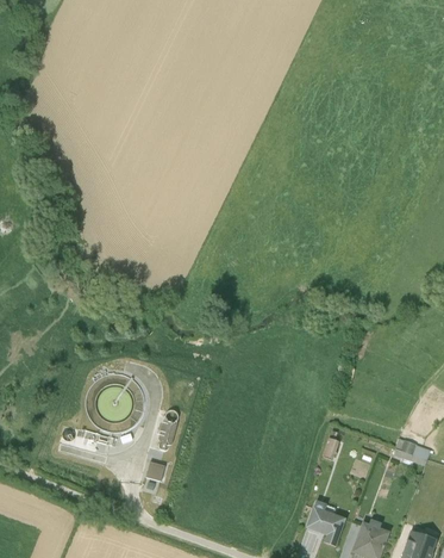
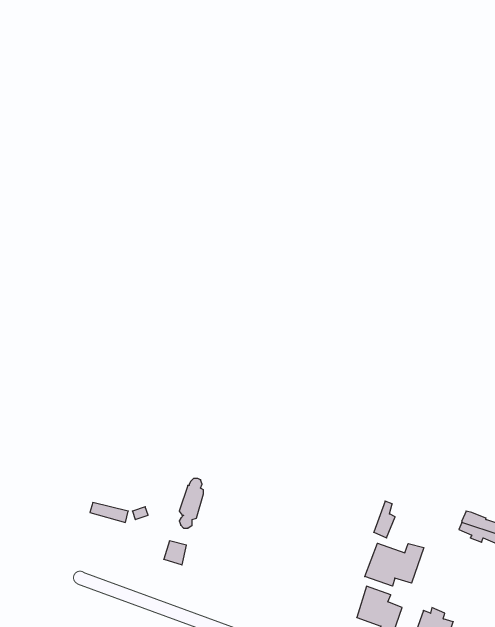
building: none -> [365,543,424,586]

